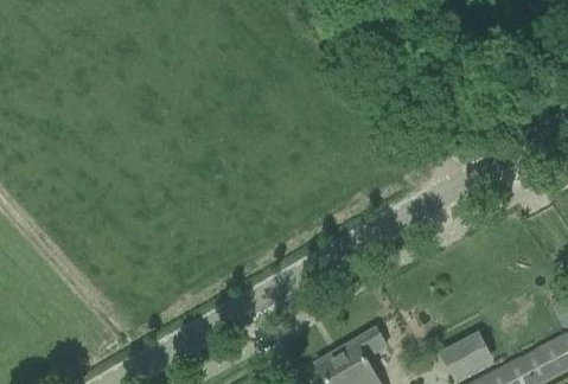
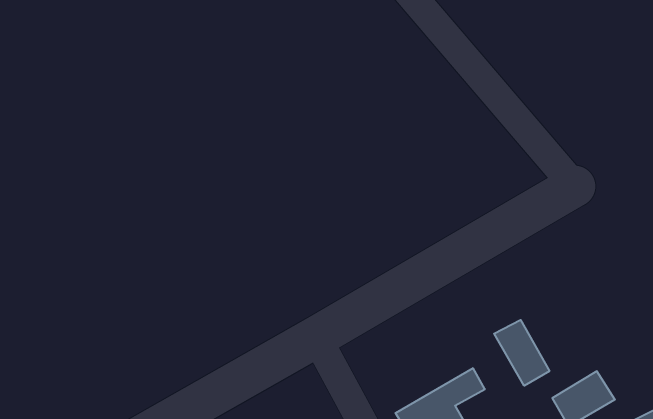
building: none -> [494,320,549,386]

